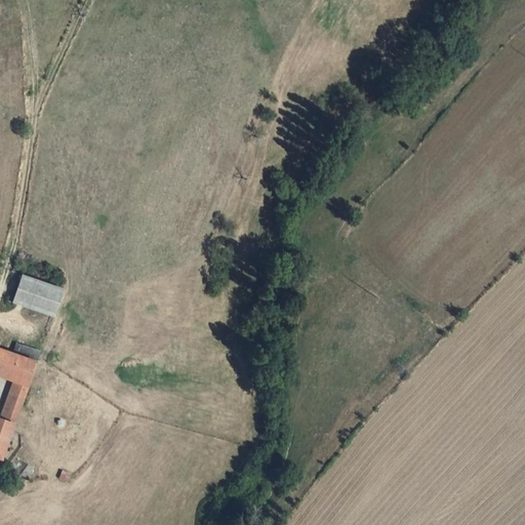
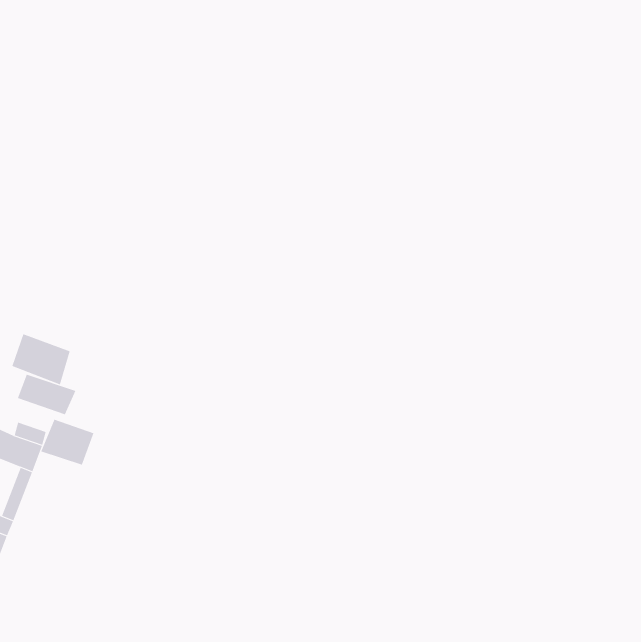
building: none -> [17,374,76,415]
building: none -> [40,419,94,465]

